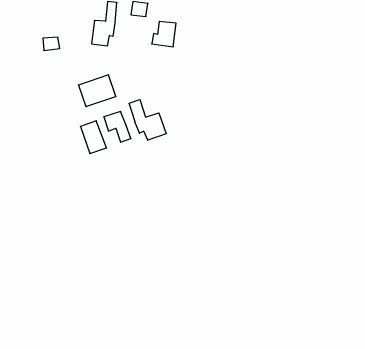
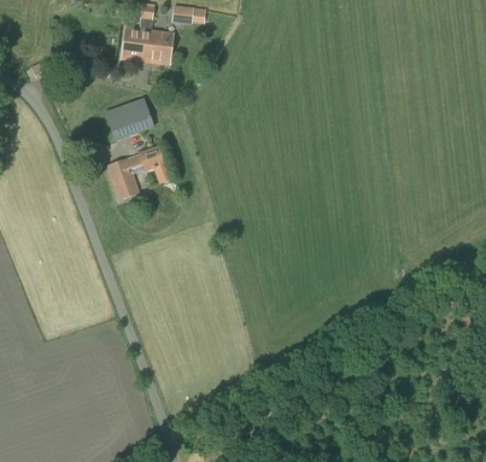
building: [152,21,176,47] -> [142,33,174,65]
building: [129,100,166,140] -> none

